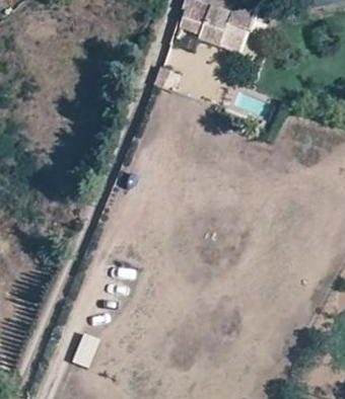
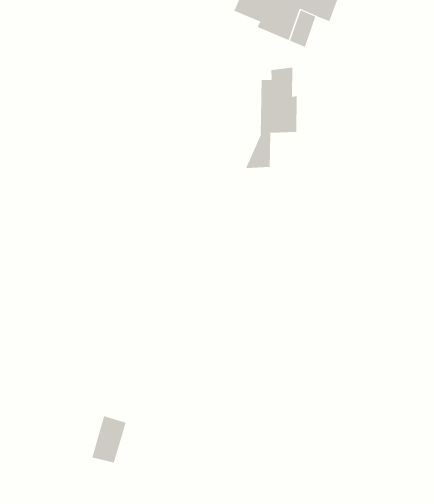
building: none -> [245,67,297,169]

